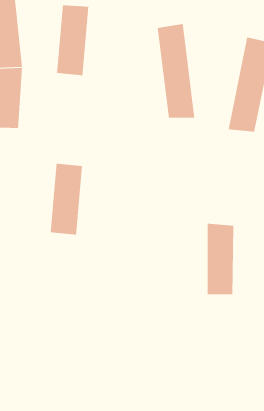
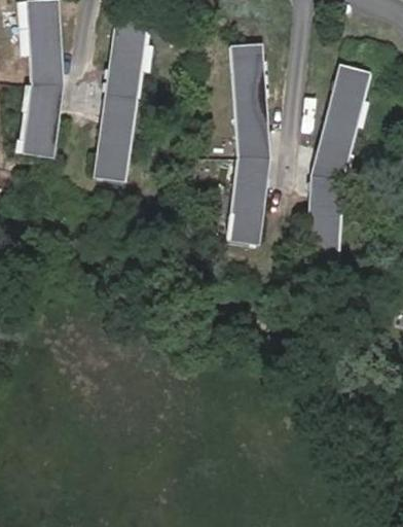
building: none -> [226,156,270,245]
building: [50,163,83,235] -> [91,94,137,183]
building: [207,223,234,295] -> [304,175,342,265]

